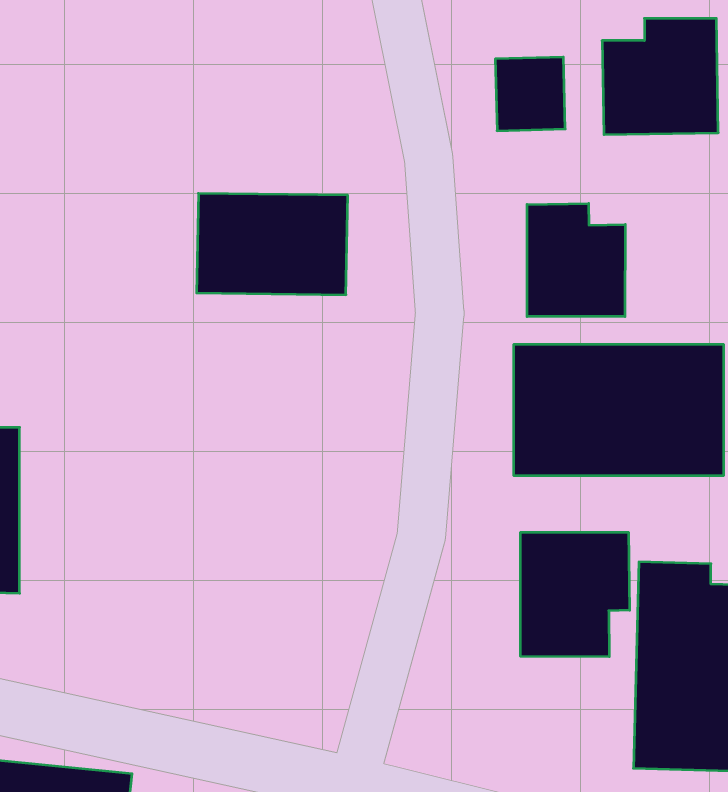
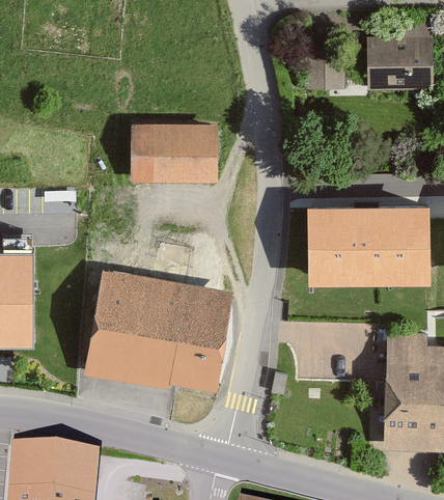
building: [527,203,625,317] -> none
building: none -> [82,254,225,390]
building: [521,532,630,657] -> none

